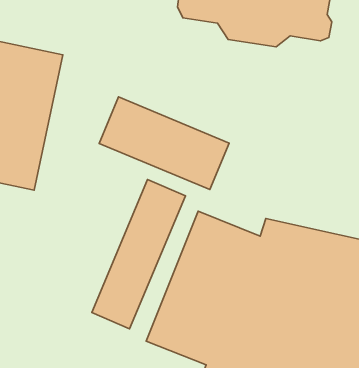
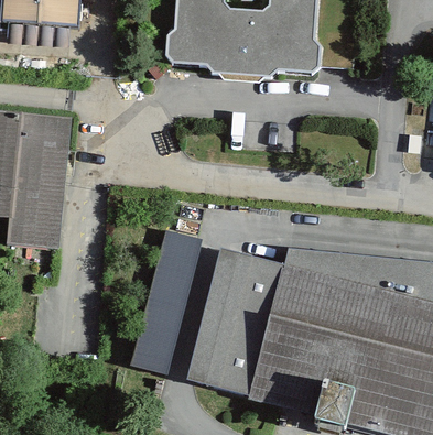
building: [99,97,229,190] -> none

